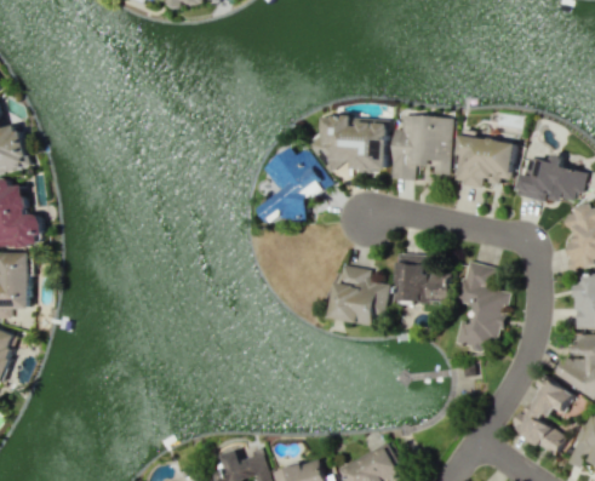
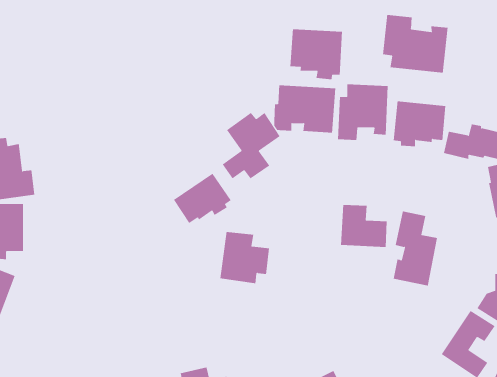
building: none -> [383,14,448,74]
building: none -> [290,28,342,80]
building: none -> [173,173,231,224]
building: [331,265,389,326] -> [220,231,270,284]

